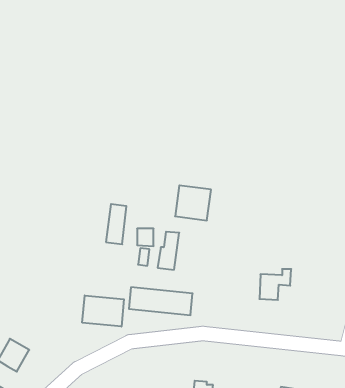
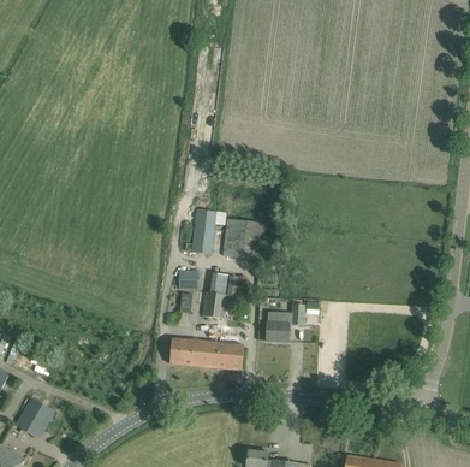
building: [106,204,126,244] -> [192,207,216,254]
building: [259,269,291,300] -> [267,305,304,341]
building: [82,295,124,327] -> none

